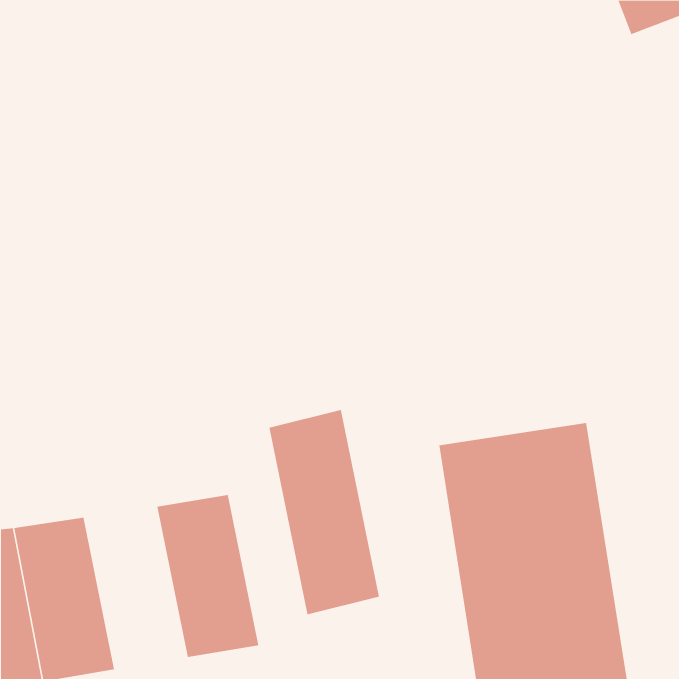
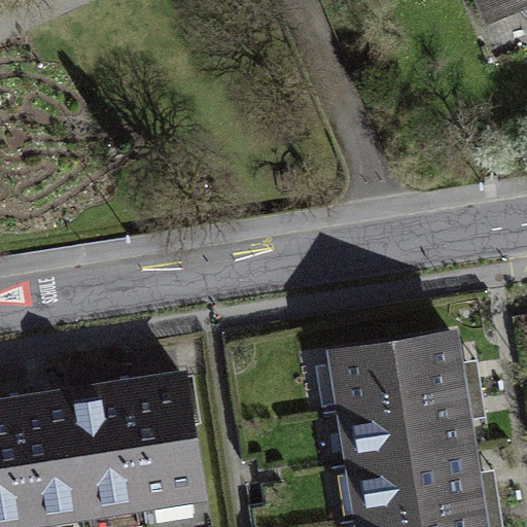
building: [269,409,379,615] -> none
building: none -> [68,393,147,519]

